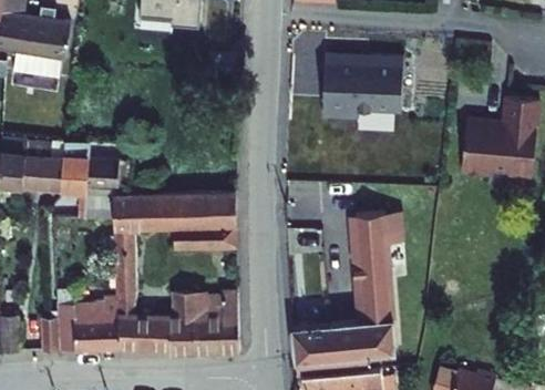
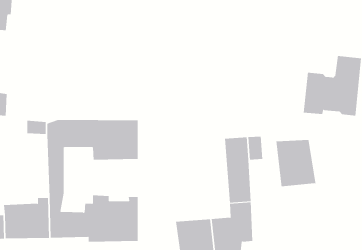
building: [321,61,403,126] -> none
building: [63,150,121,188] -> none
building: none -> [276,139,316,187]

